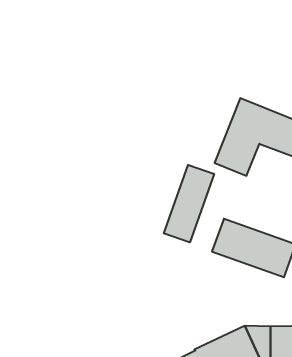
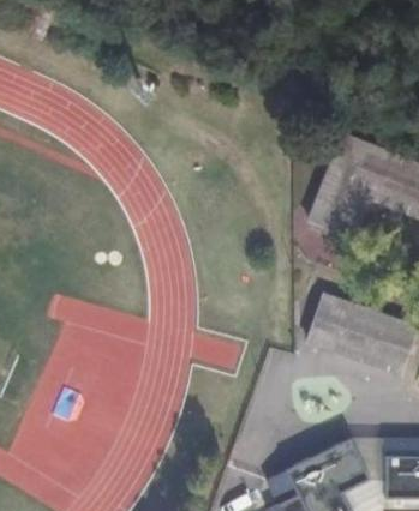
building: [164,165,214,242] -> none

